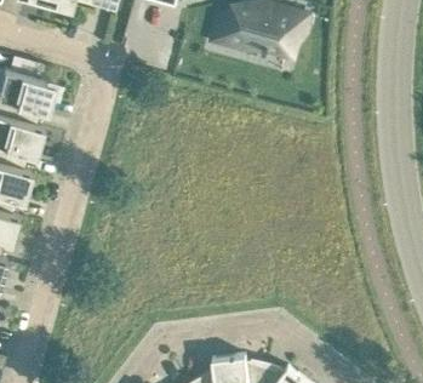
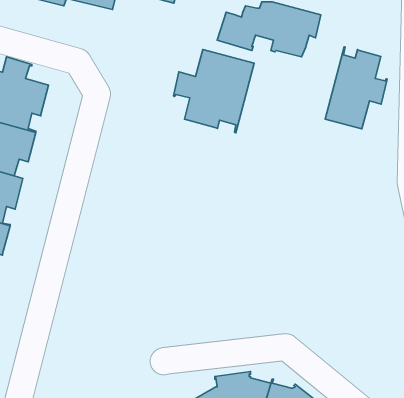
building: none -> [325,47,387,129]
building: none -> [173,50,254,133]

